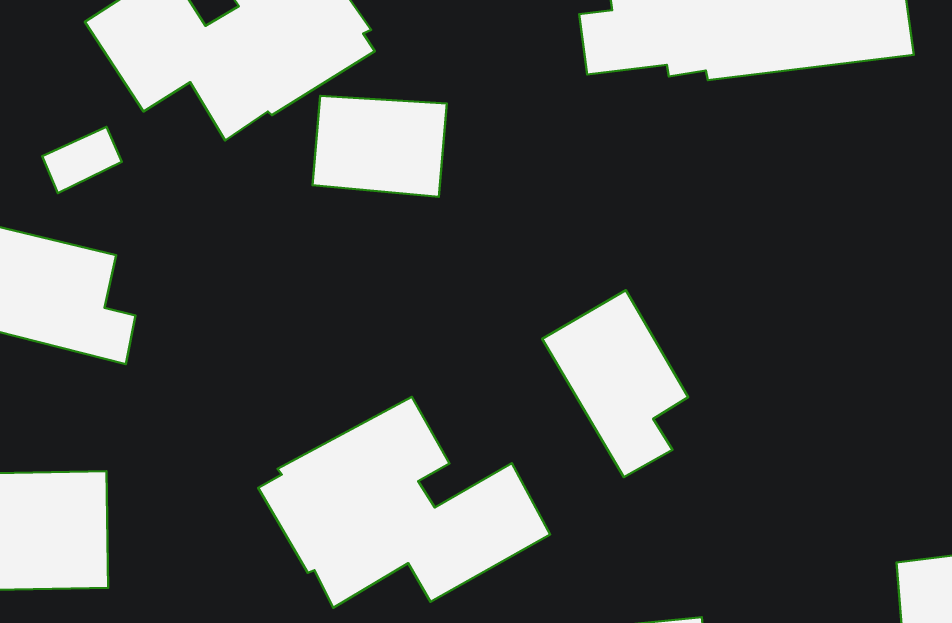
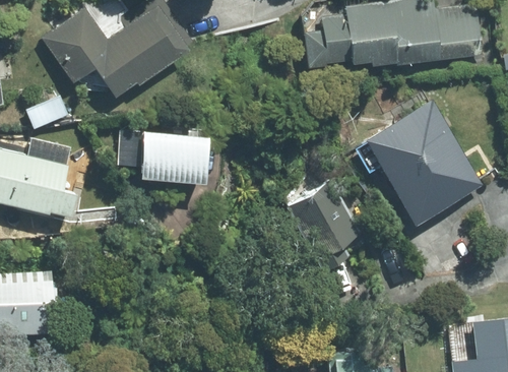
building: [312,96,447,197] -> [141,134,211,187]
building: none -> [365,100,482,223]
building: [258,397,550,608] -> none

